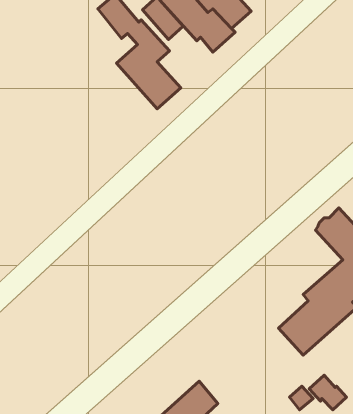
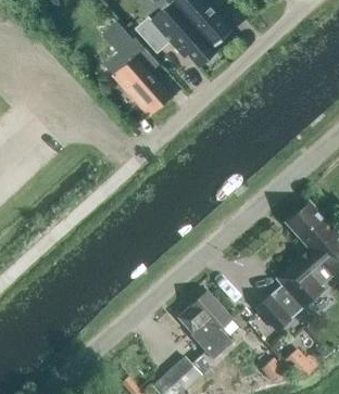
building: none -> [178,291,233,359]

